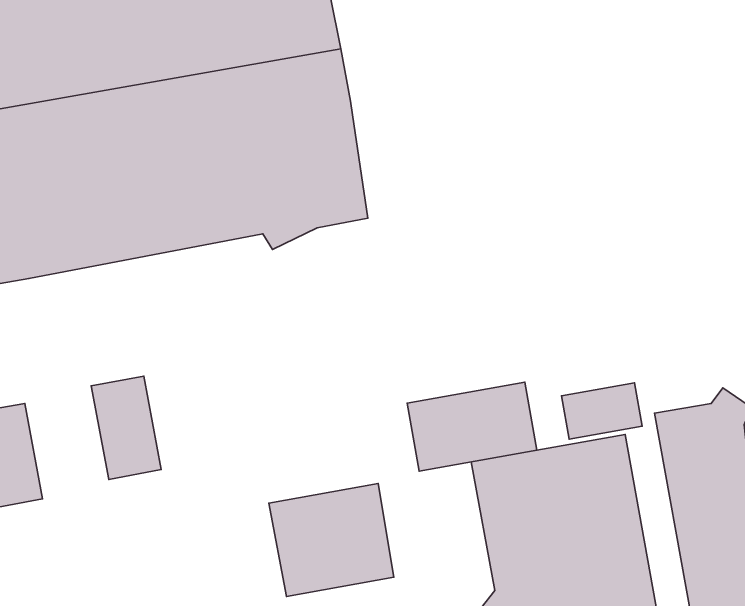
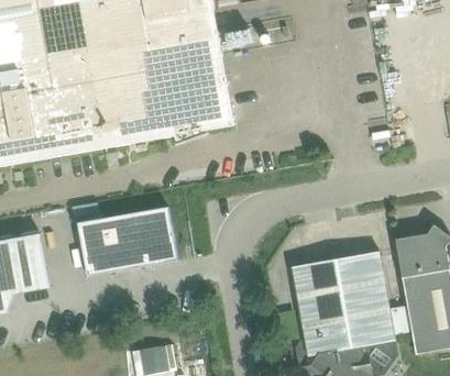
building: [407,382,537,471] -> none
building: [561,383,642,439] -> none
building: [269,484,394,597] -> [108,207,178,270]

